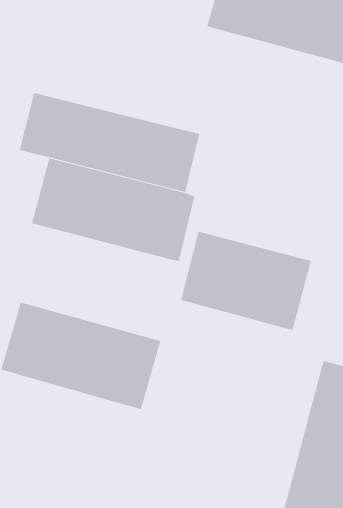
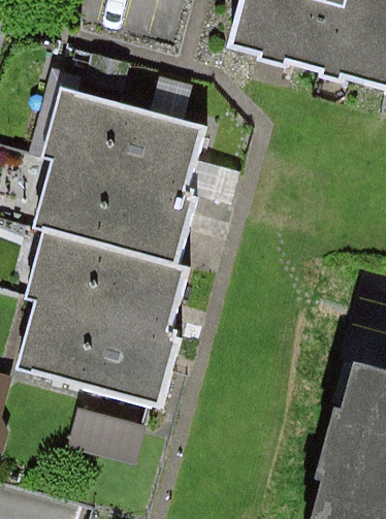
building: none -> [33,225,195,340]
building: [180,231,311,331] -> none

